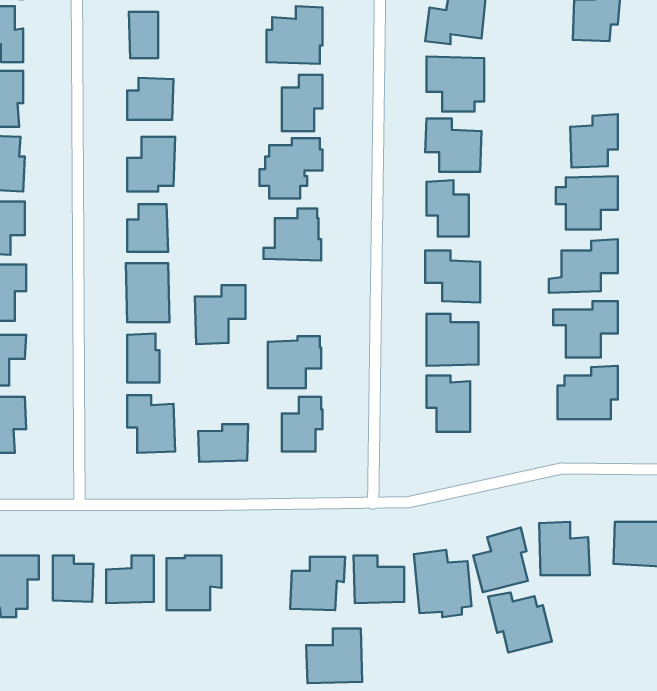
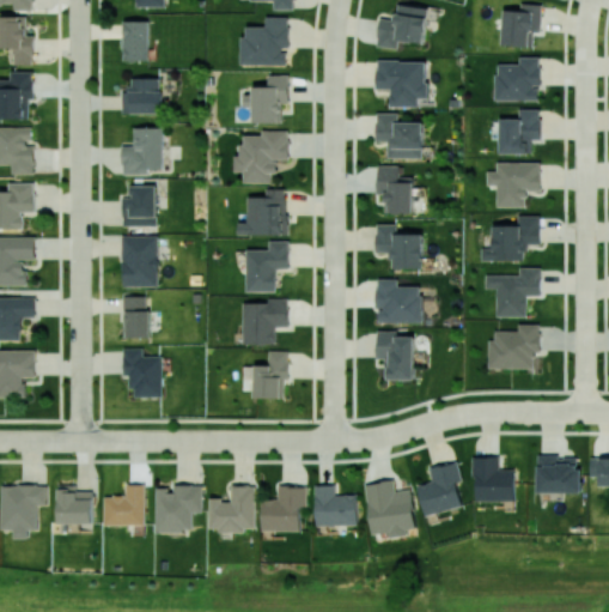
building: none -> [495,57,540,101]
building: [195,285,245,344] -> [245,240,288,290]
building: [198,424,248,462] -> none
building: [488,593,552,652] -> none
building: [306,628,362,683] -> [208,485,256,532]

